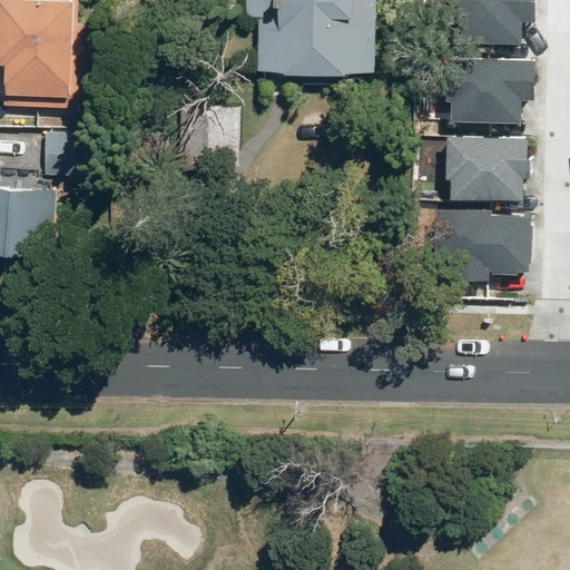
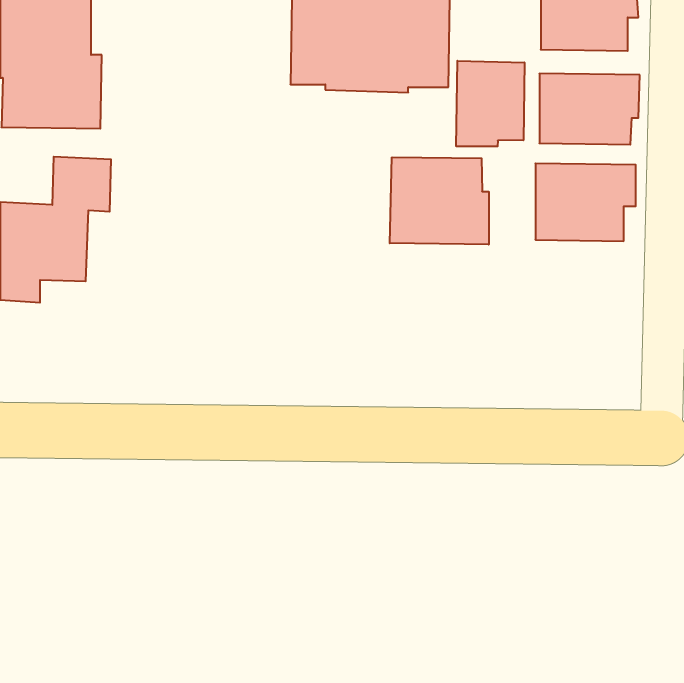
building: none -> [456,61,524,146]
building: none -> [390,157,489,245]
building: [432,215,530,275] -> none

